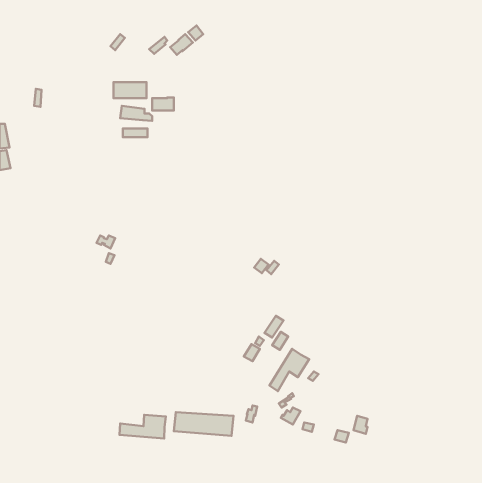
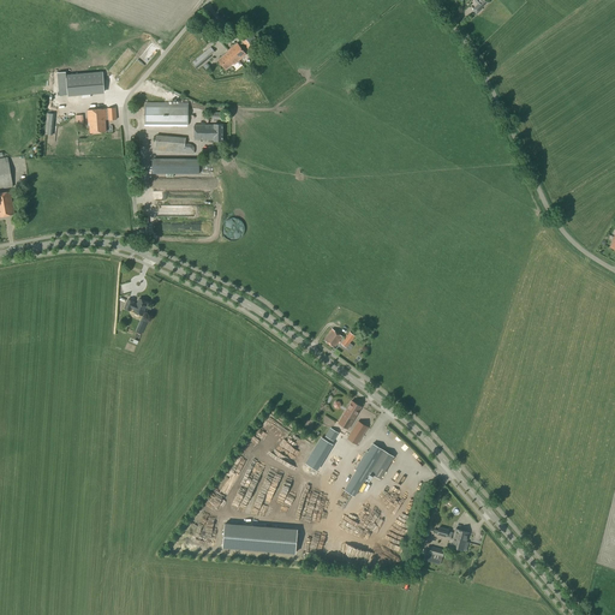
building: none -> [65,72,103,97]
building: none -> [85,107,115,133]
building: [120,415,166,439] -> none

